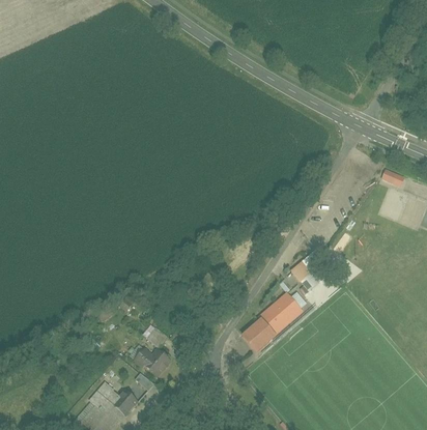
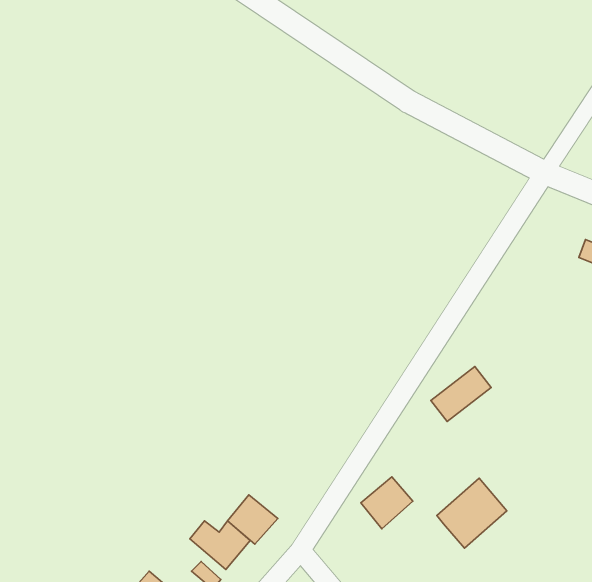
building: [259,289,304,334] -> [437,478,507,548]
building: none -> [227,495,278,544]

